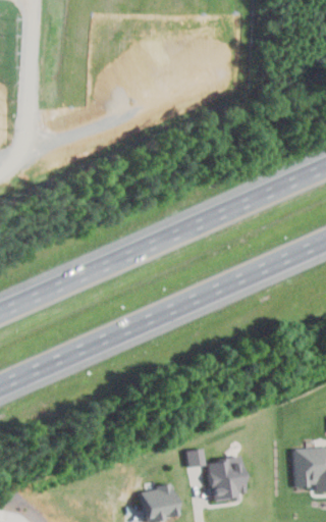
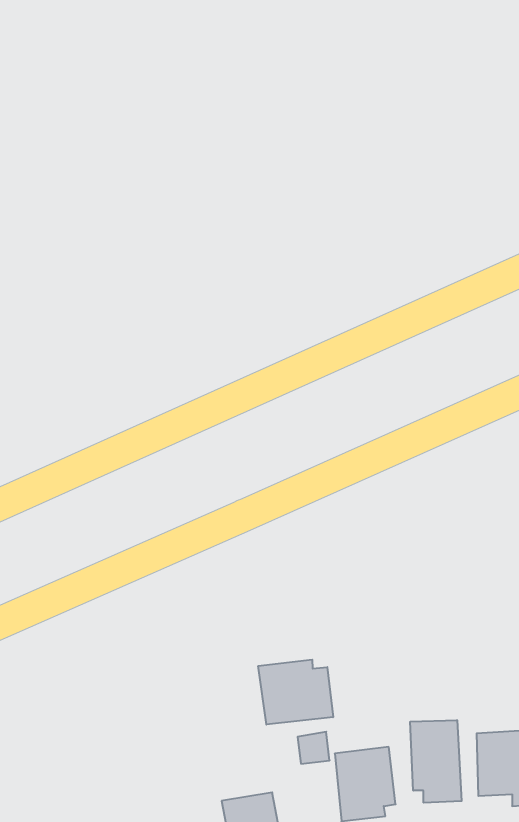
building: none -> [258,660,333,725]
building: none -> [410,720,462,803]

